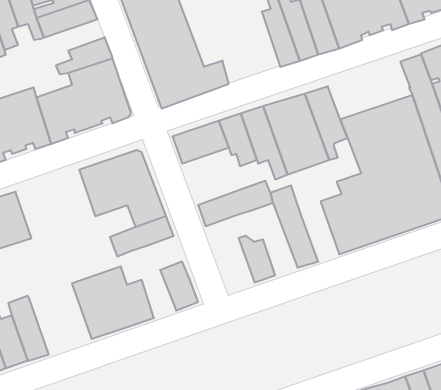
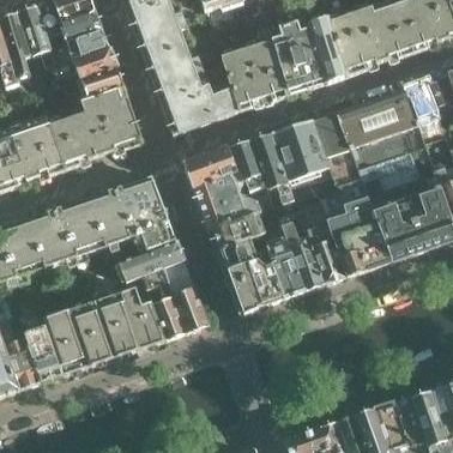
building: none -> [222,38,289,110]
building: none -> [54,47,117,78]
building: none -> [336,87,418,145]
building: none -> [193,173,261,229]
building: none -> [296,192,346,284]
building: none -> [30,194,108,261]
building: none -> [261,226,306,297]
building: none -> [216,237,264,313]
building: none -> [144,267,187,339]
building: none -> [43,306,104,374]

